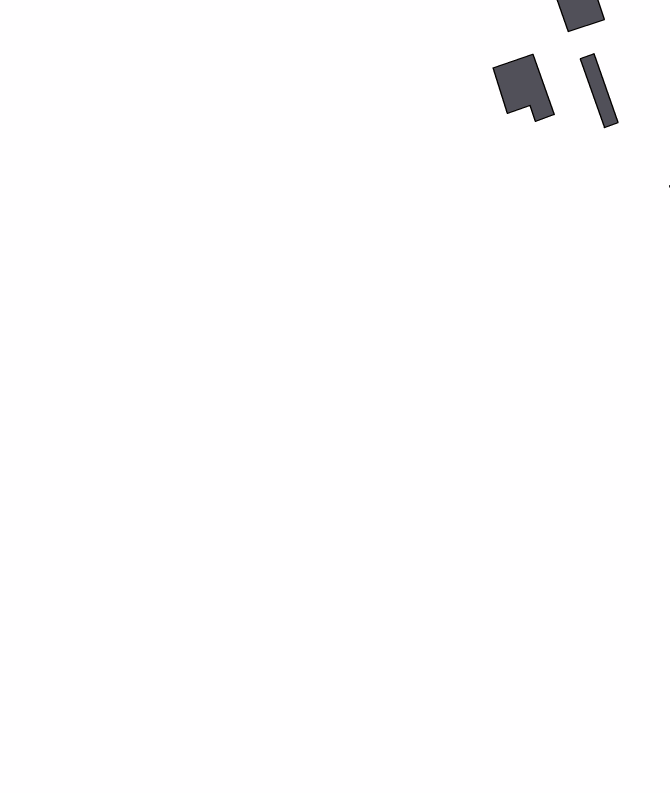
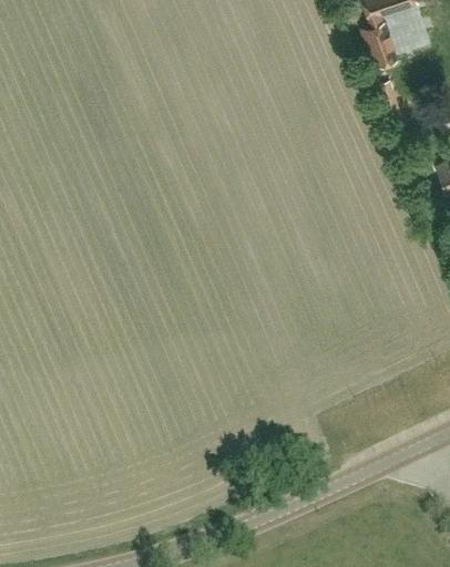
building: [493,54,554,121] -> none

